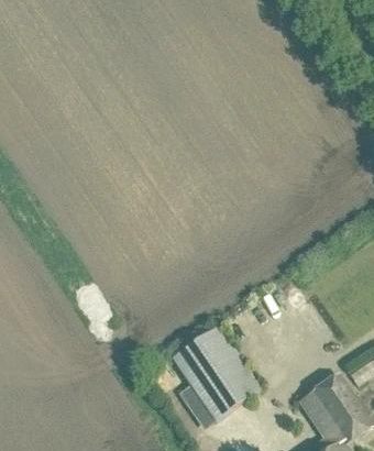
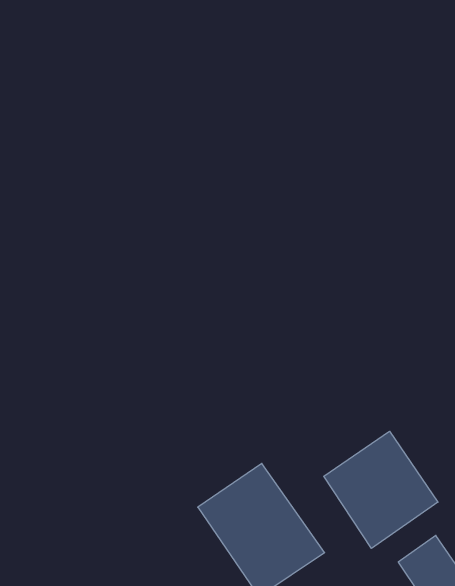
building: none -> [324,431,438,548]

